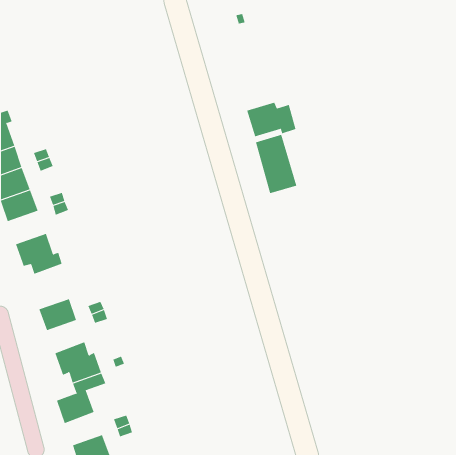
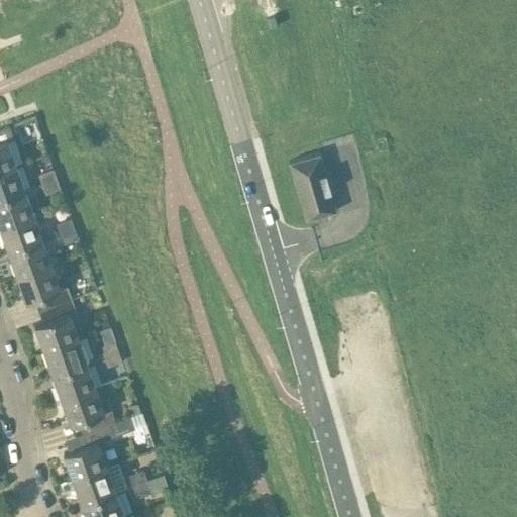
building: [246,102,296,137] -> none
building: none -> [8,240,53,278]
building: none -> [34,300,79,351]
building: none -> [53,364,96,401]
building: none -> [73,468,116,505]

